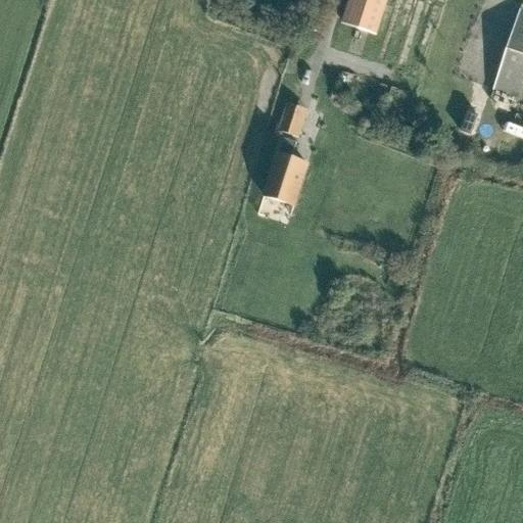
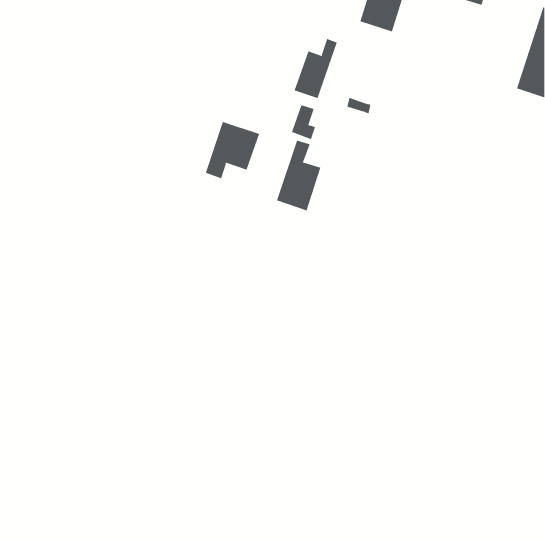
building: none -> [294,38,337,99]
building: none -> [205,121,260,179]

